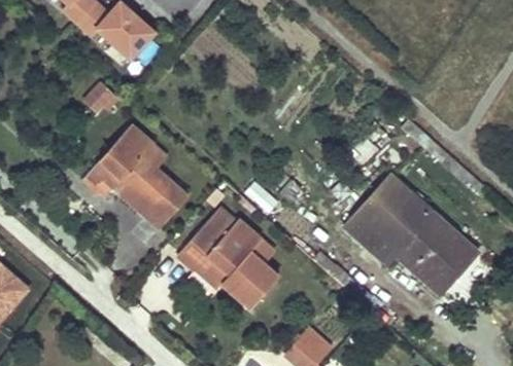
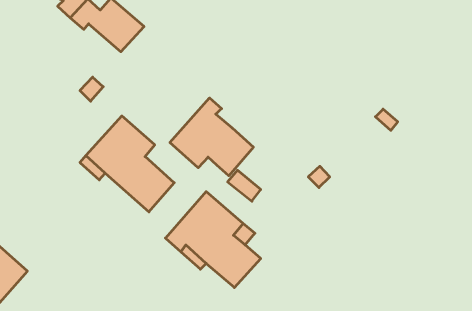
building: none -> [170,98,253,176]
building: [346,176,477,294] -> none

